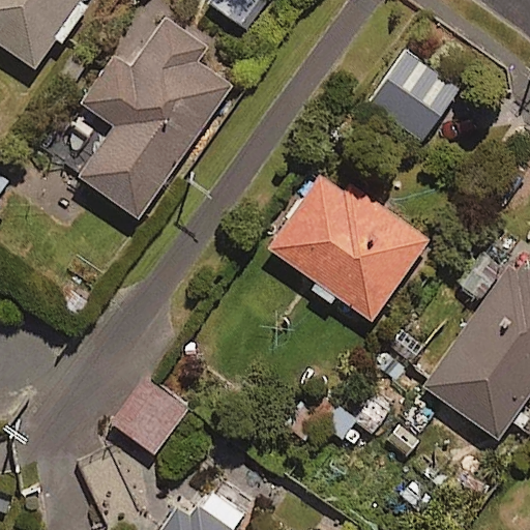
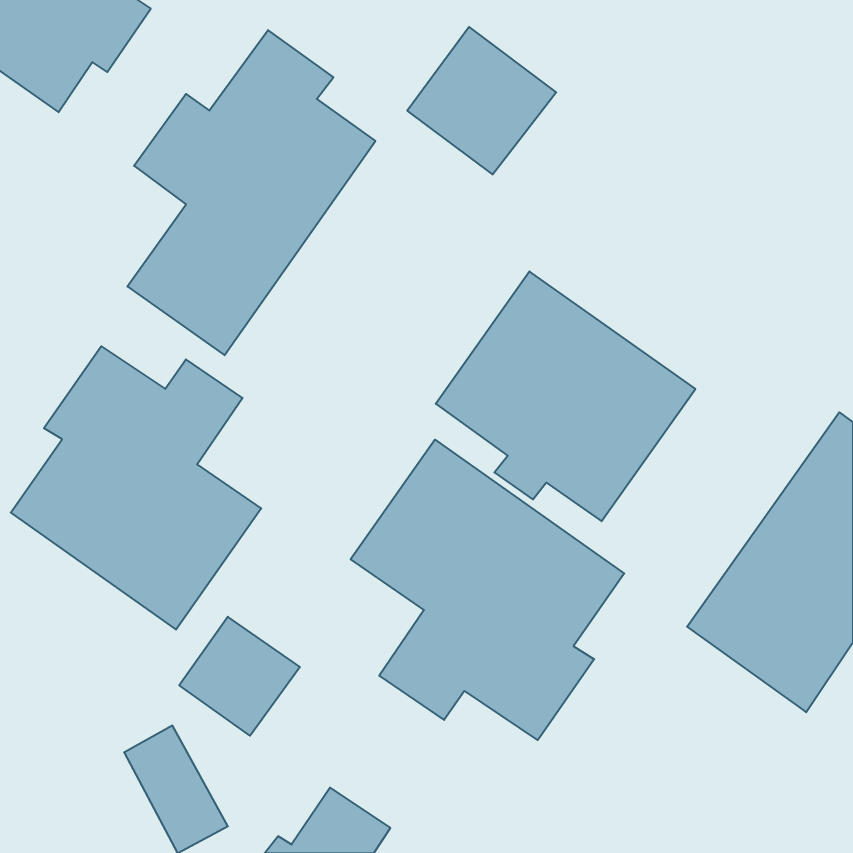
building: [367,50,460,141] -> [407,27,556,174]
building: none -> [11,346,261,630]
building: none -> [351,440,624,740]

